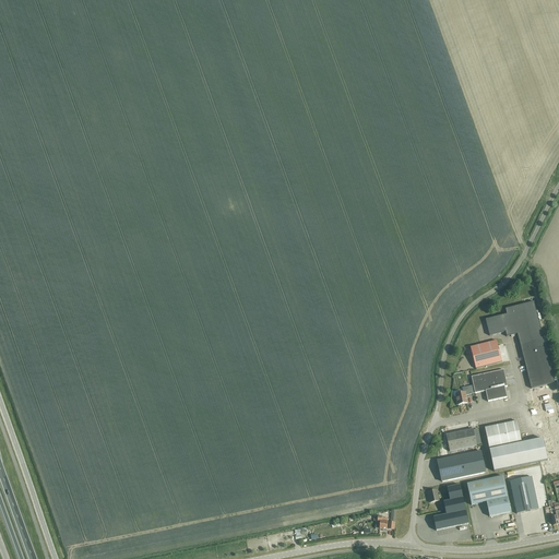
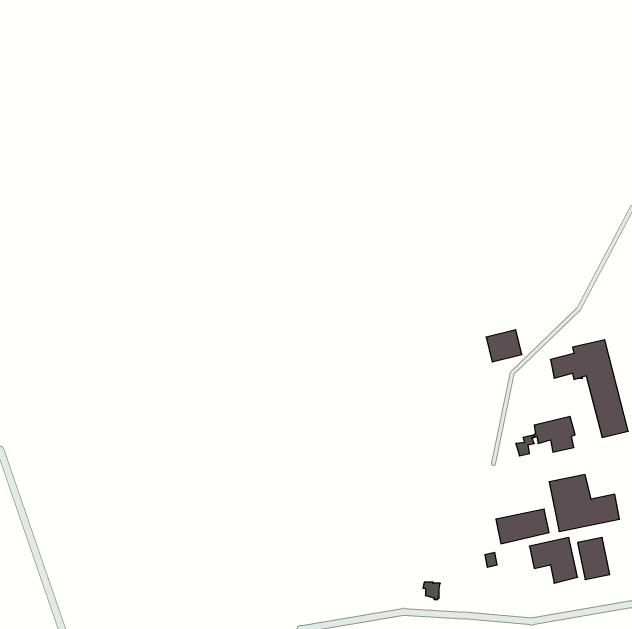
building: [471,338,502,367] -> [486,330,522,362]
building: [447,428,477,450] -> none
building: [433,484,468,530] -> none

